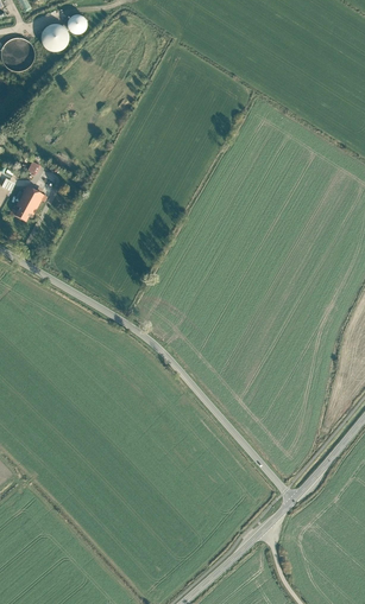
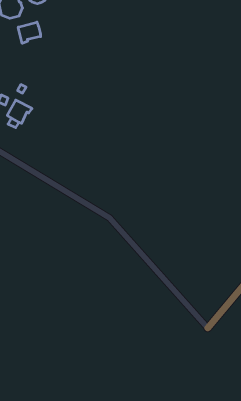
building: none -> [18,22,41,43]

